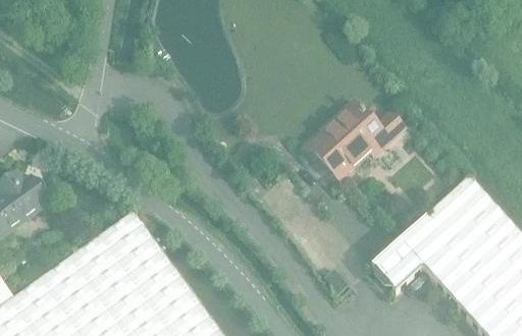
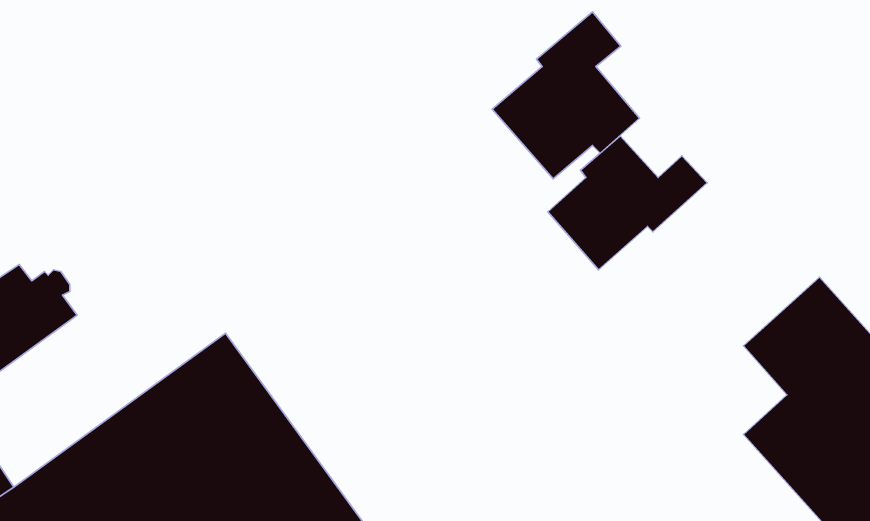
building: none -> [492,12,640,179]
building: [371,218,448,292] -> none

